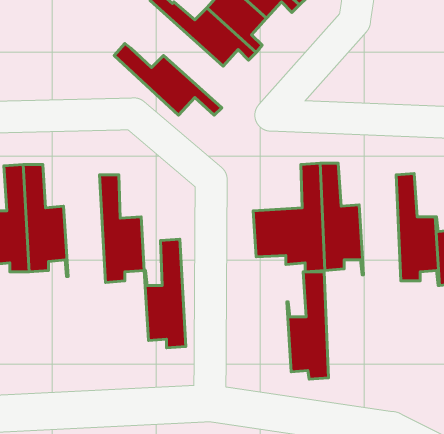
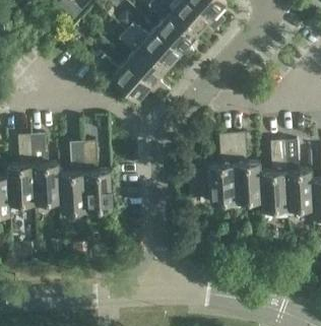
building: none -> [119,30,170,95]
building: [144,239,186,348] -> [58,141,86,215]
building: [287,272,329,379] -> [259,141,287,214]

